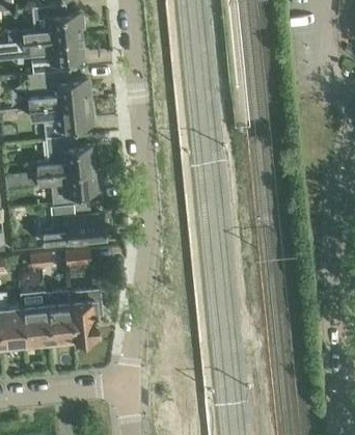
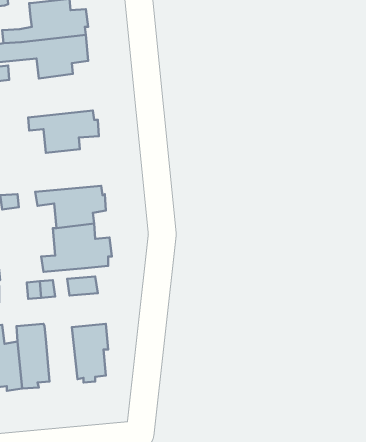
building: [29,71,89,109] -> none
building: [24,137,94,176] -> none
building: [45,290,74,345] -> none

